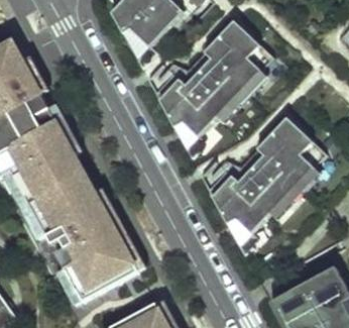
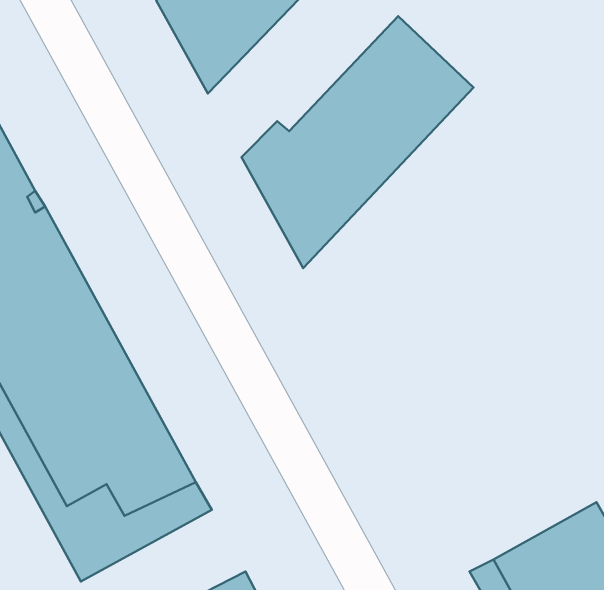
building: [208,116,326,245] -> none

